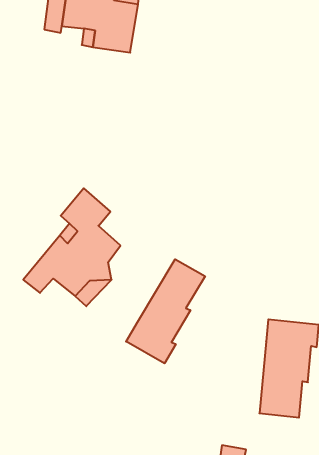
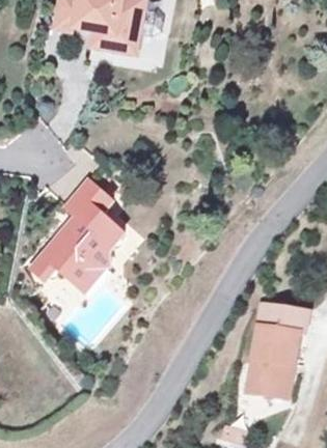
building: [126,259,205,363] -> none

